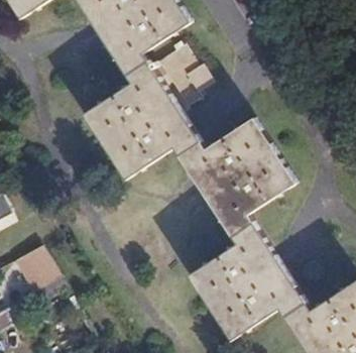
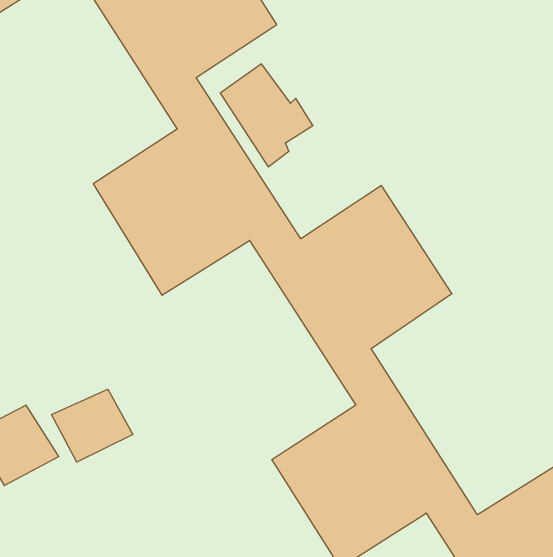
building: none -> [52,389,133,462]

